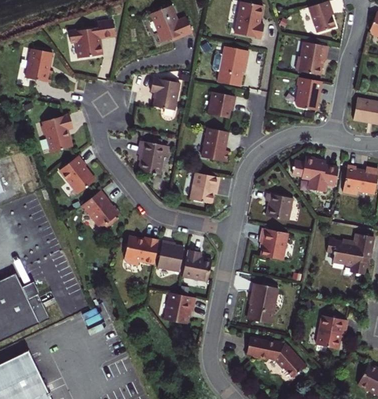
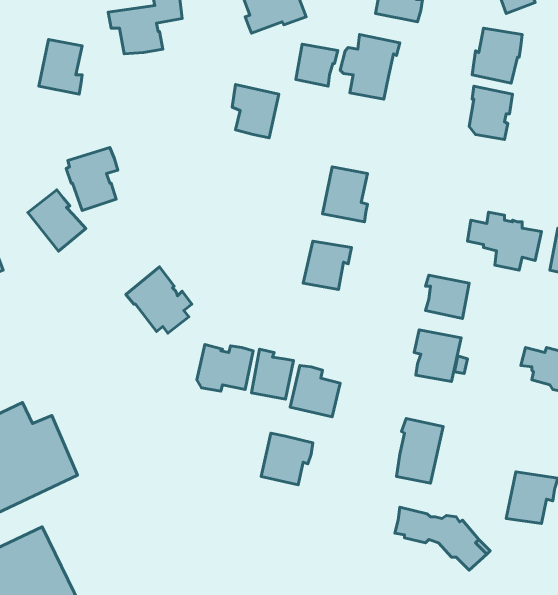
building: [210,91,236,117] -> [296,44,338,86]
building: [139,137,169,171] -> none
building: [60,155,96,193] -> [28,190,86,251]

